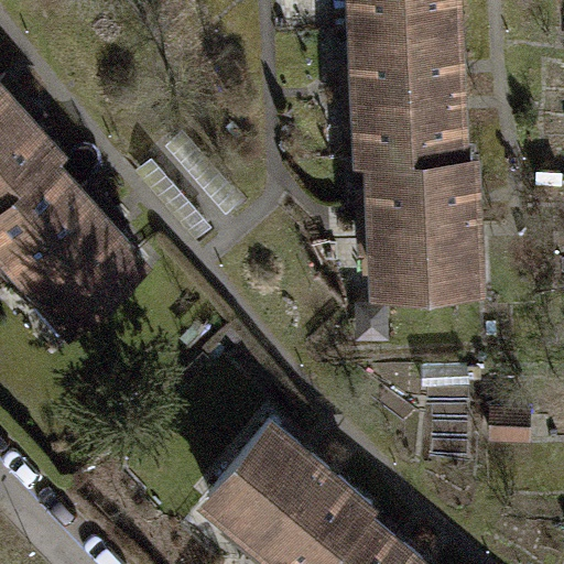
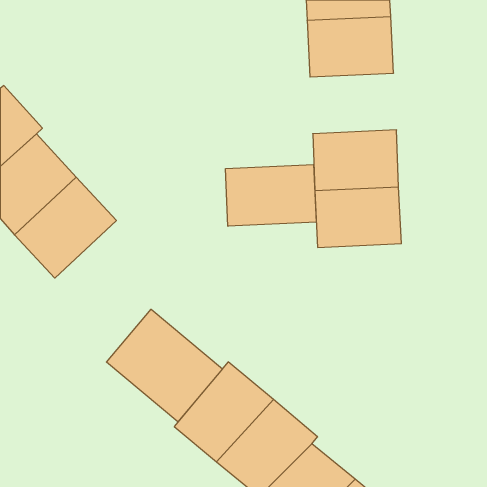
building: [360,89,459,159] -> none
building: none -> [226,164,316,226]
building: none -> [106,309,222,422]

